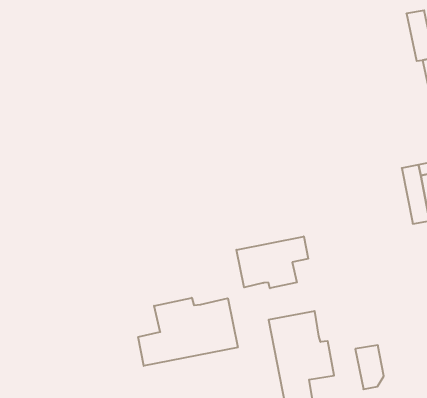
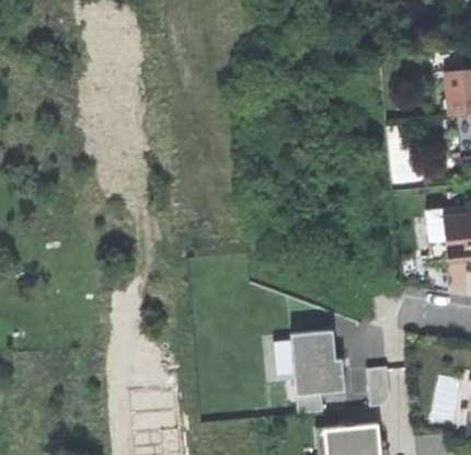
building: [236,236,308,288] -> none
building: [138,298,238,366] -> none

